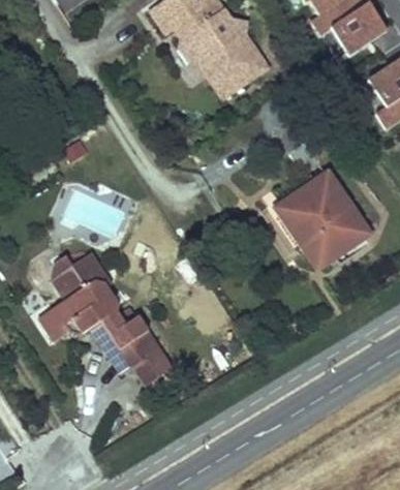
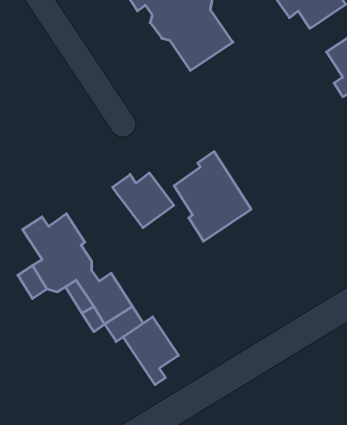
building: [285,172,367,267] -> [174,152,251,241]
building: none -> [113,173,174,228]
building: none -> [123,317,178,385]

